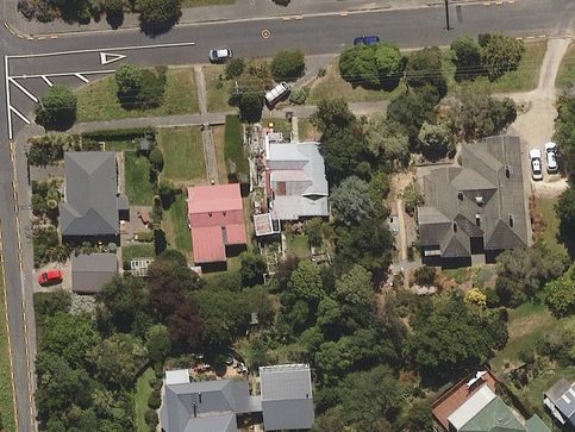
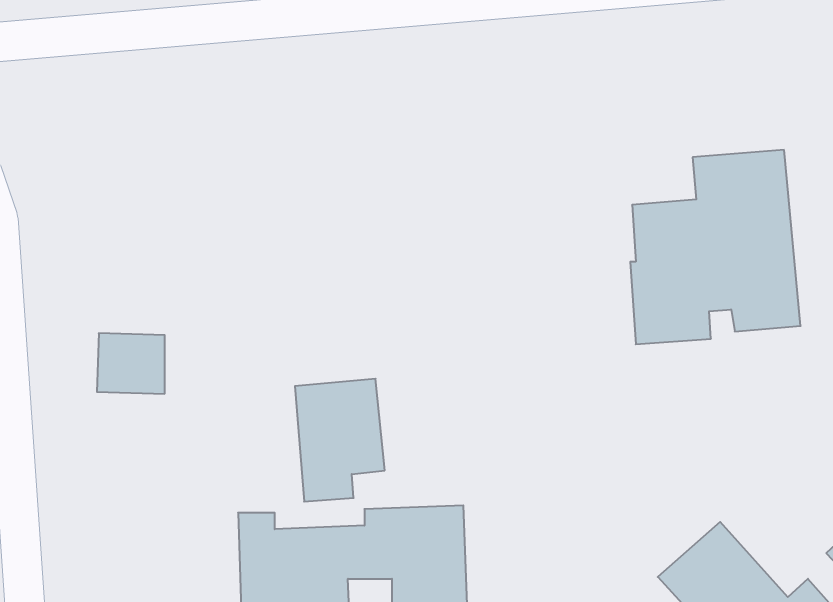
building: [254,134,329,234] -> none
building: [60,150,127,233] -> none
building: [187,182,245,262] -> [295,379,385,502]

